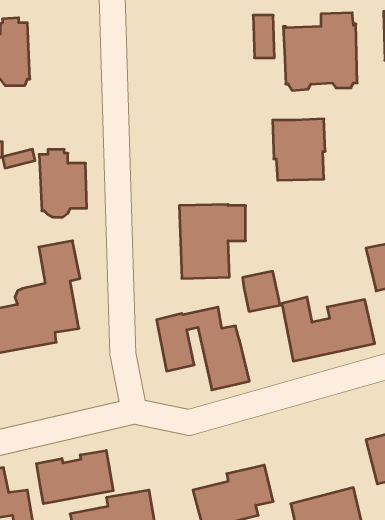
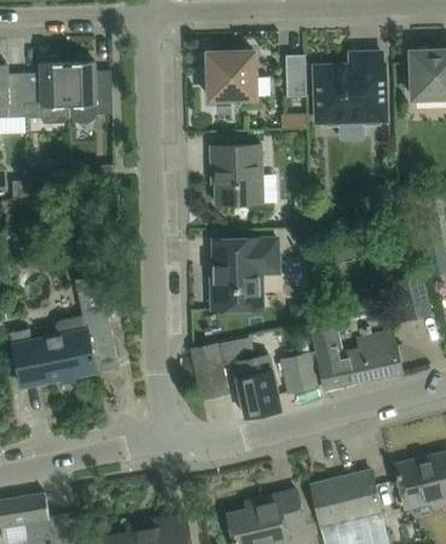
building: none -> [207,51,255,107]
building: [273,119,325,180] -> [211,144,262,204]
building: [39,149,87,217] -> [67,57,113,122]
building: [243,271,280,311] -> [281,353,318,391]
building: none -> [310,470,381,525]
building: [36,450,113,504] -> none

